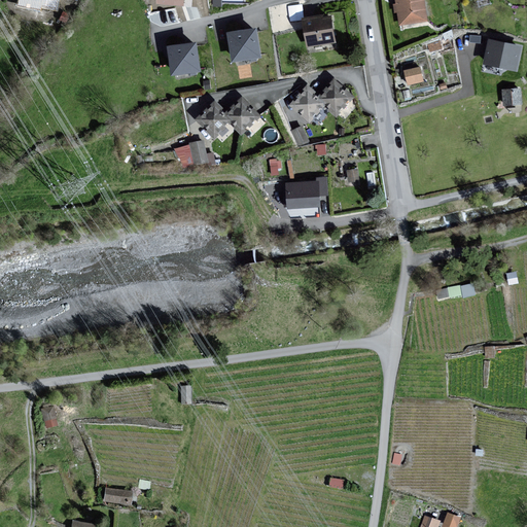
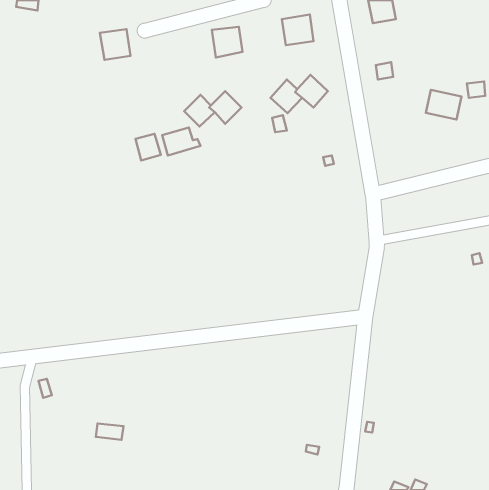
building: [483,38,521,70] -> [426,90,461,120]
building: [167,42,200,75] -> [100,29,130,60]
building: none -> [136,134,161,161]
building: [287,177,327,209] -> none
building: [103,489,133,506] -> [96,423,123,440]

